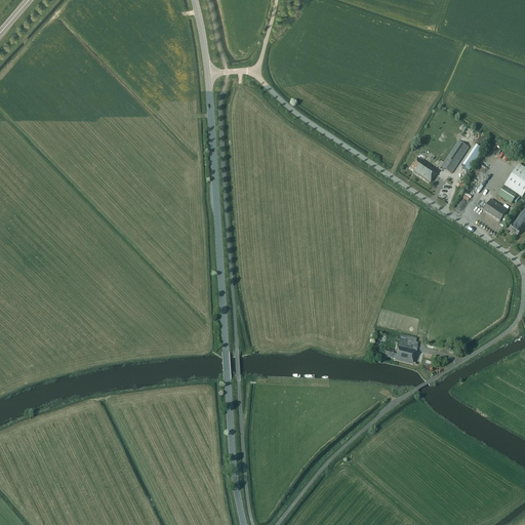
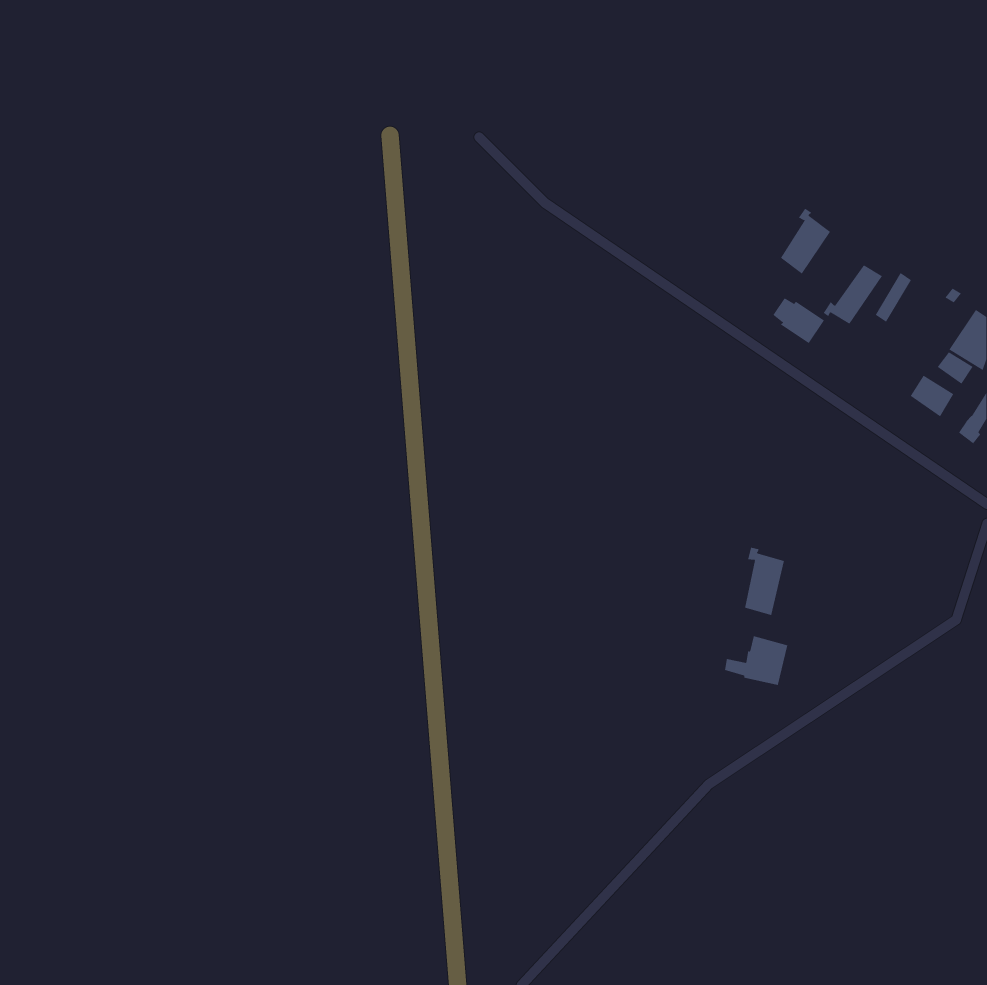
building: none -> [780,208,831,274]
building: none -> [745,547,785,616]

